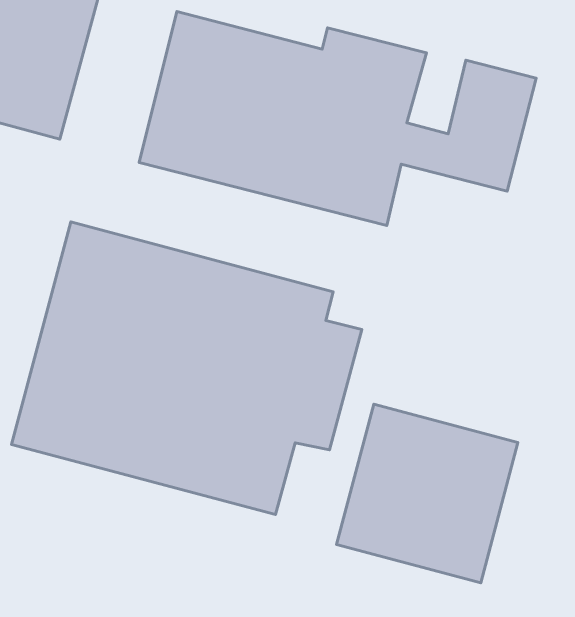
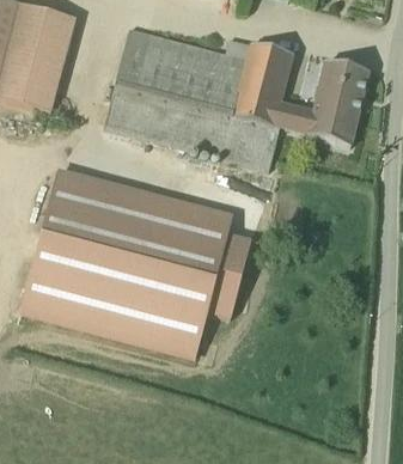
building: [337,404,518,583] -> none

